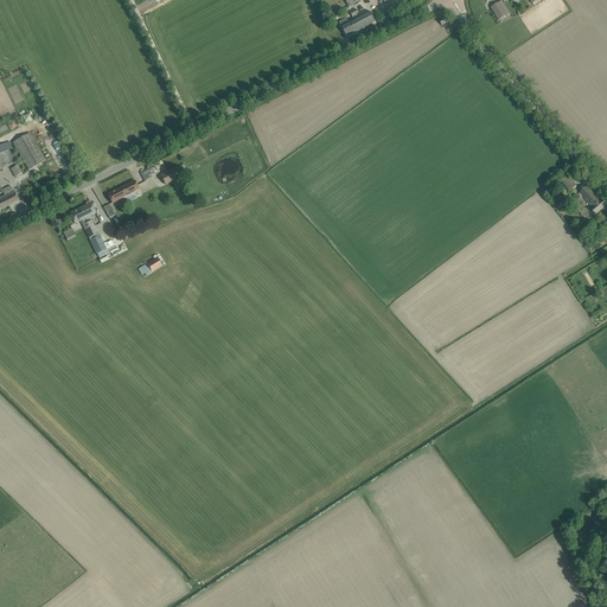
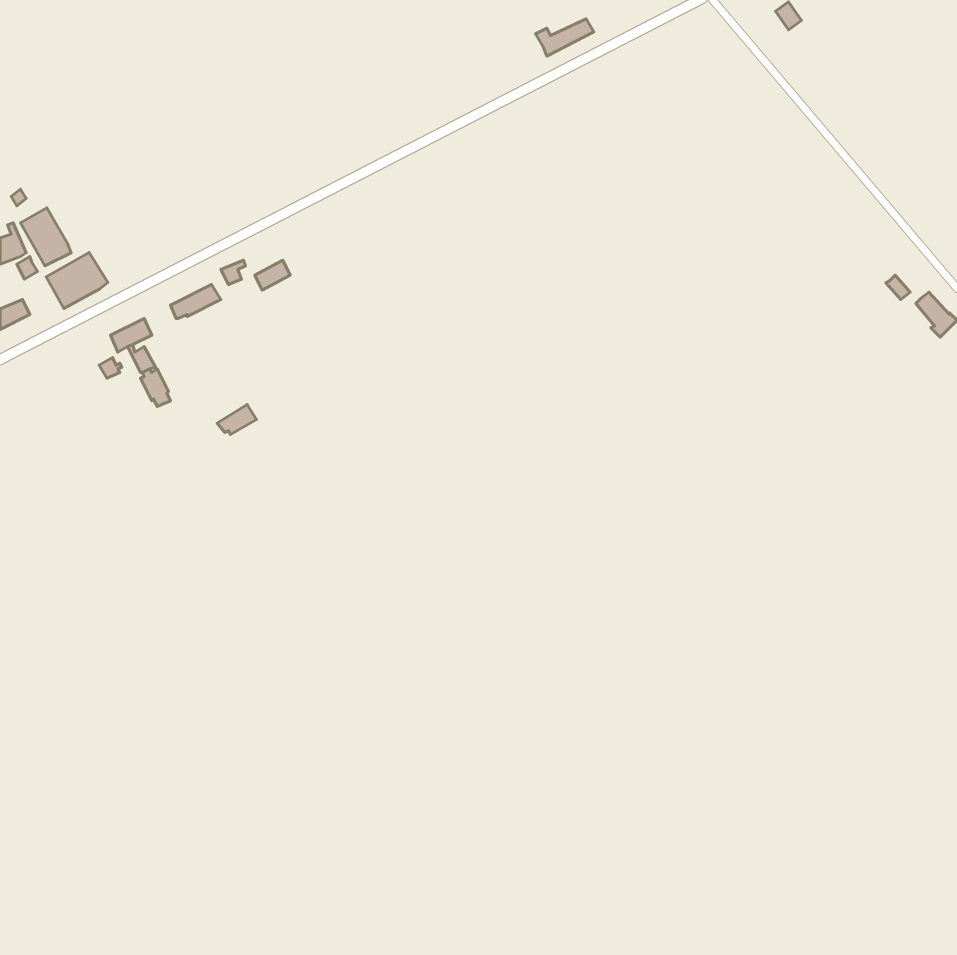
building: none -> [46,253,108,309]

